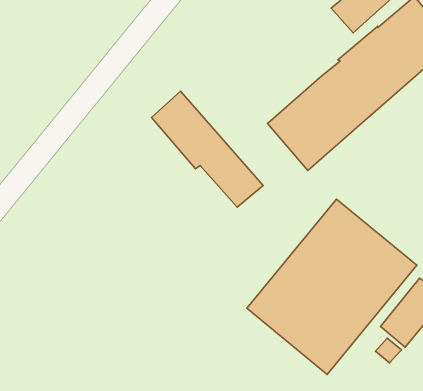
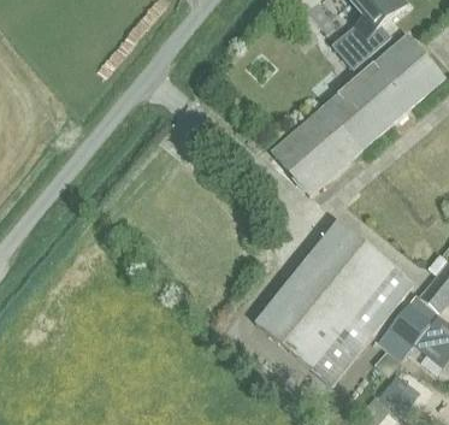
building: [151,91,263,207] -> none

